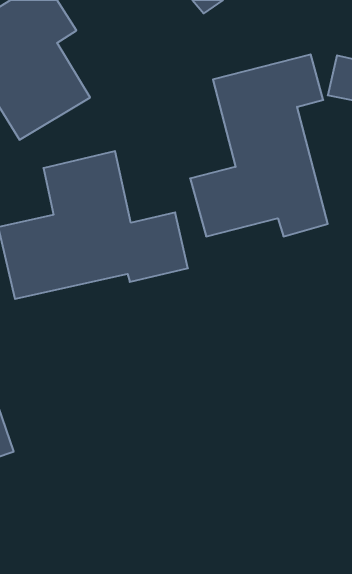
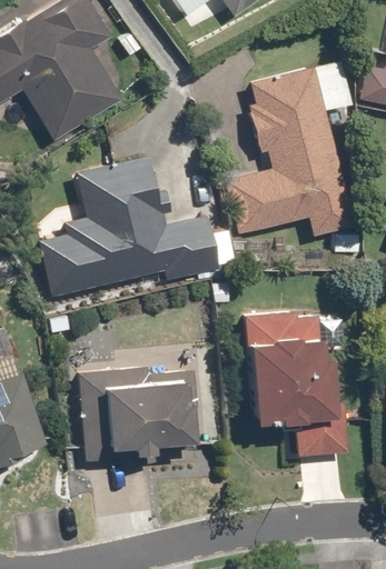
building: none -> [245,307,349,456]
building: none -> [77,366,201,461]

